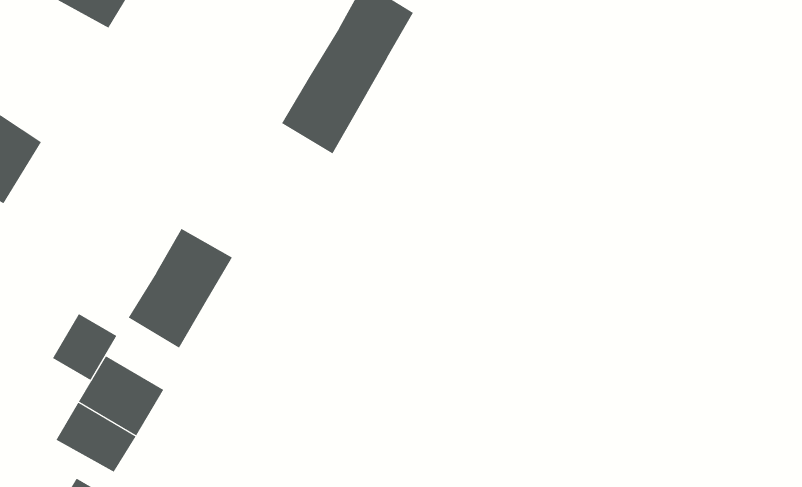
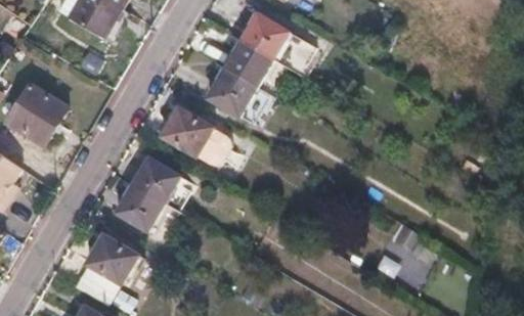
building: none -> [161,106,227,162]
building: [52,313,117,381] -> none
building: none -> [378,220,433,279]

